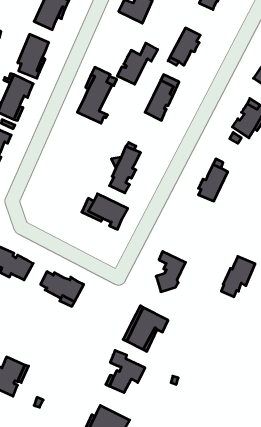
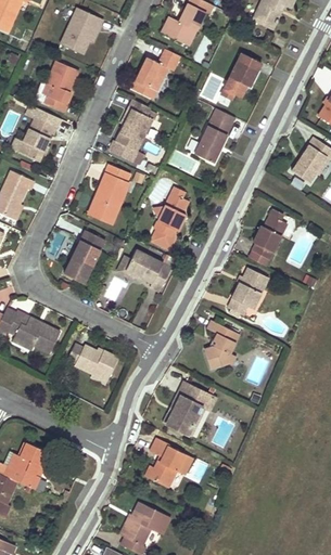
building: [117,43,158,84] -> [130,50,178,99]
building: none -> [90,166,130,224]
building: none -> [62,230,104,284]
building: [221,256,255,297] -> [229,267,269,314]

